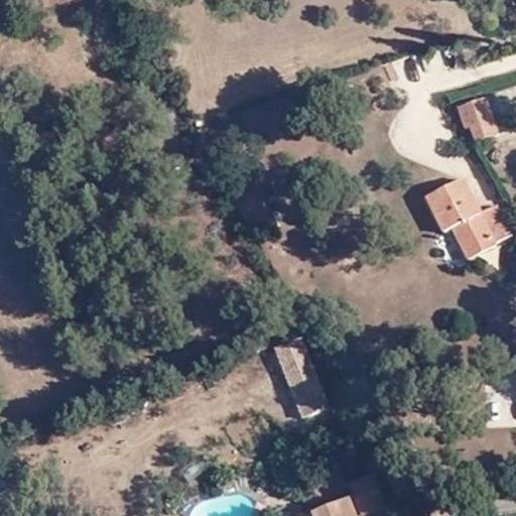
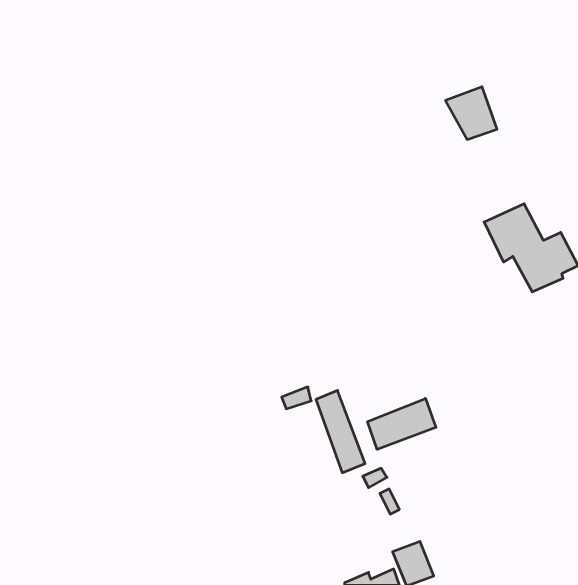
building: [448,96,494,142] -> [446,87,497,139]
building: none -> [368,398,436,449]

